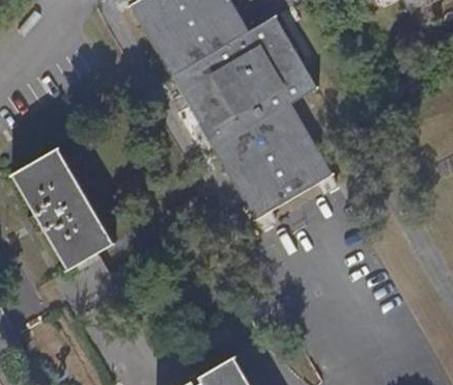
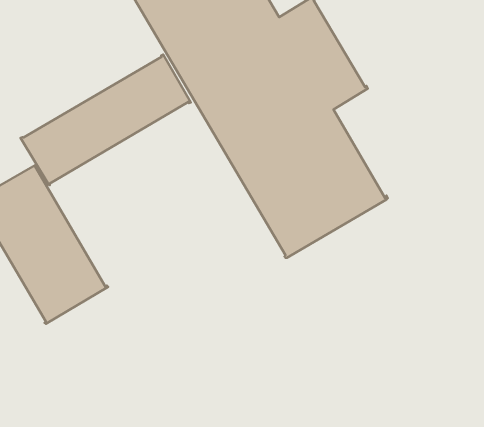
building: none -> [20,55,191,185]

